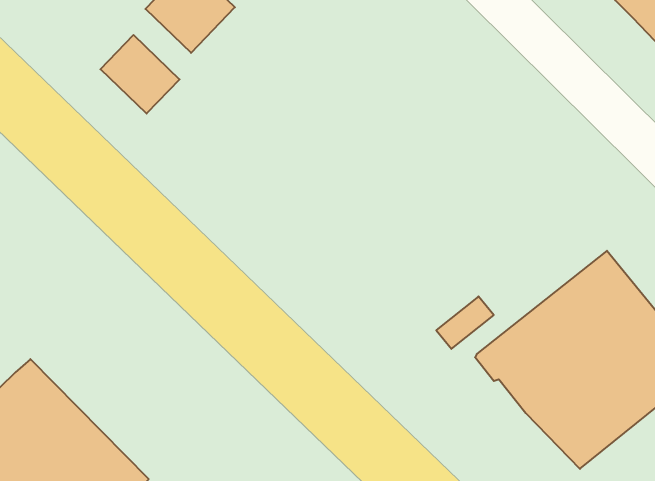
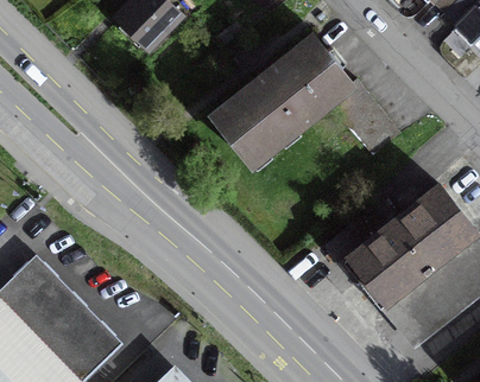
building: [100,35,180,114] -> none
building: none -> [210,37,399,165]

